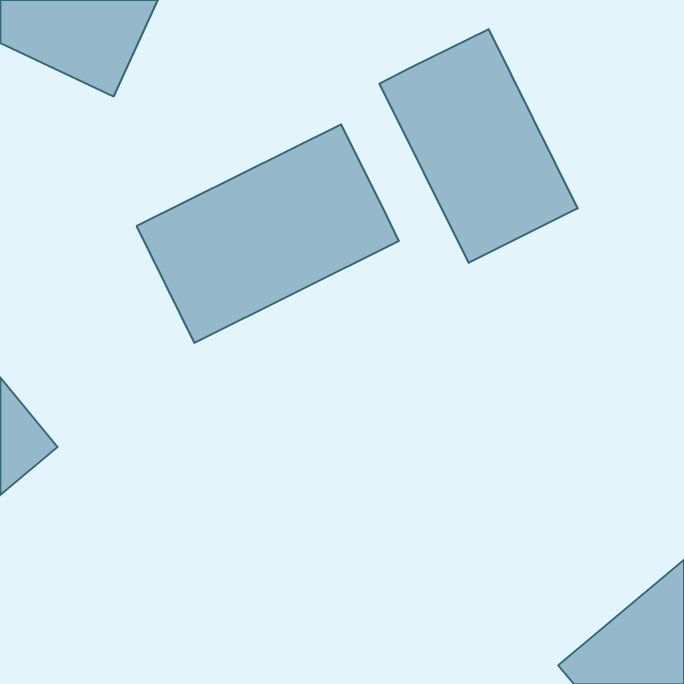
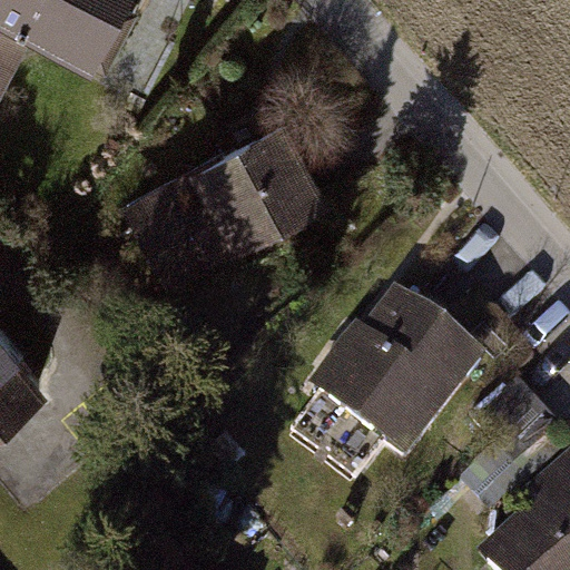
building: [380,29,578,263] -> none
building: none -> [311,286,487,462]

